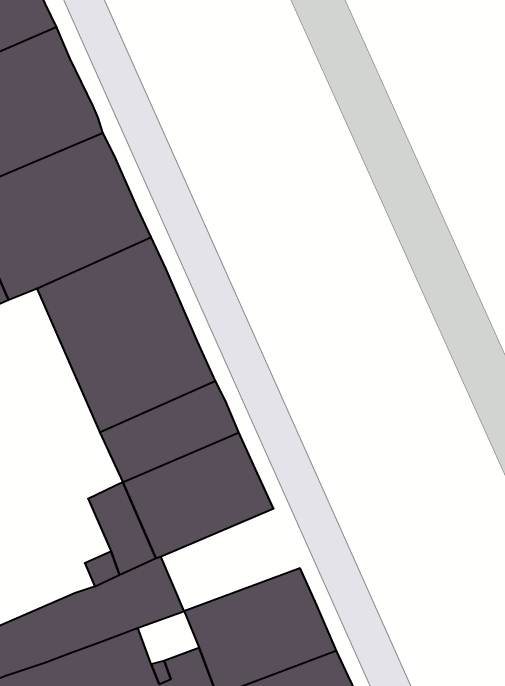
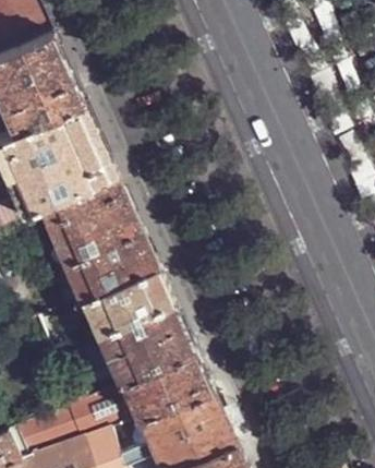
building: none -> [120,348,211,416]

